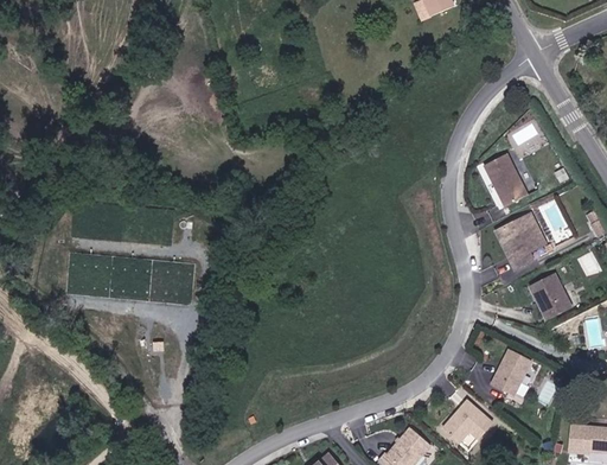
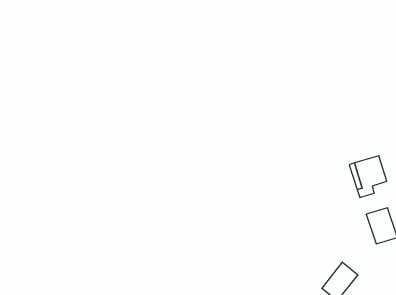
building: [486,152,530,205] -> none

